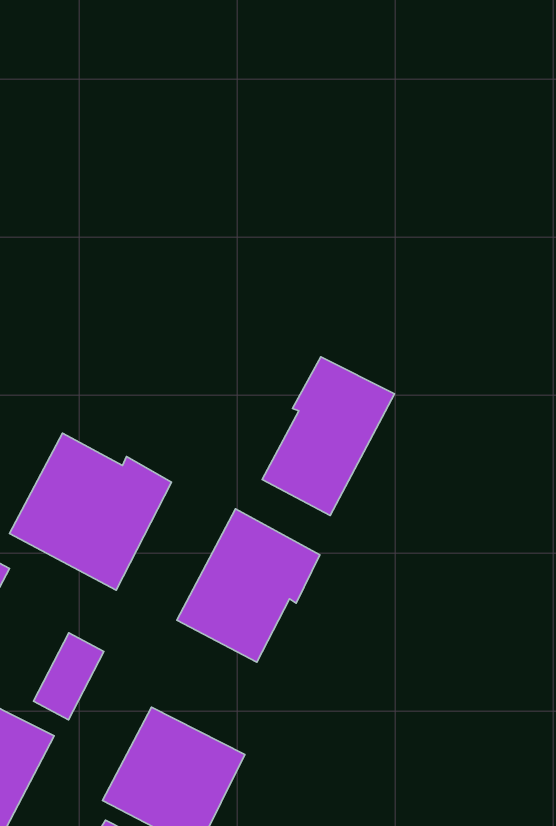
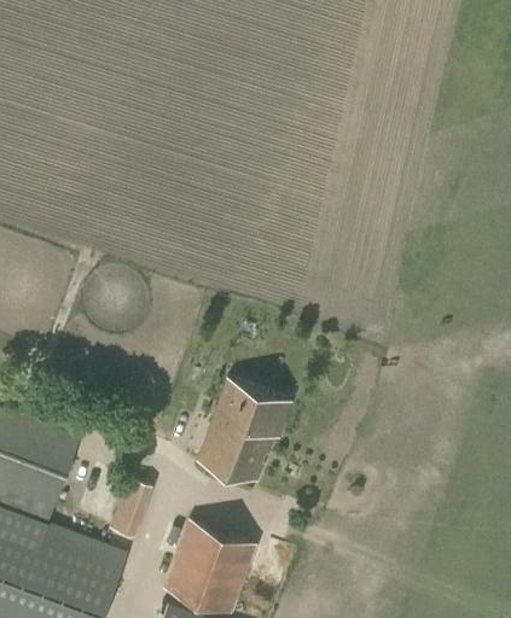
building: [262,357,395,515] -> none
building: [9,433,171,590] -> none

